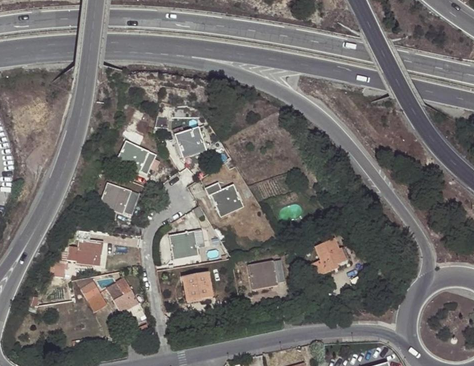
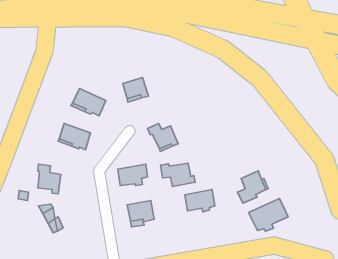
building: none -> [160,163,195,186]
building: none -> [249,199,288,231]
building: [107,278,143,319] -> none

